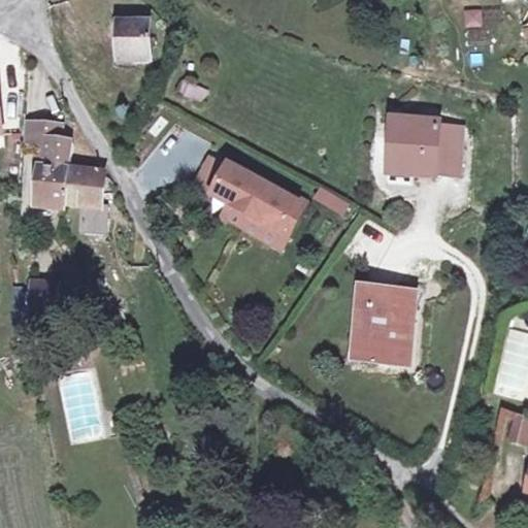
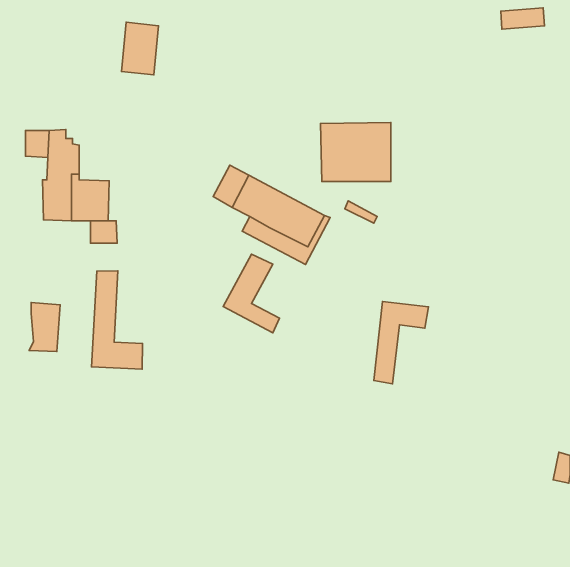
building: [390,122,455,176] -> [321,122,391,182]
building: none -> [223,254,280,333]
building: none -> [91,271,143,369]
building: [363,284,418,360] -> none

